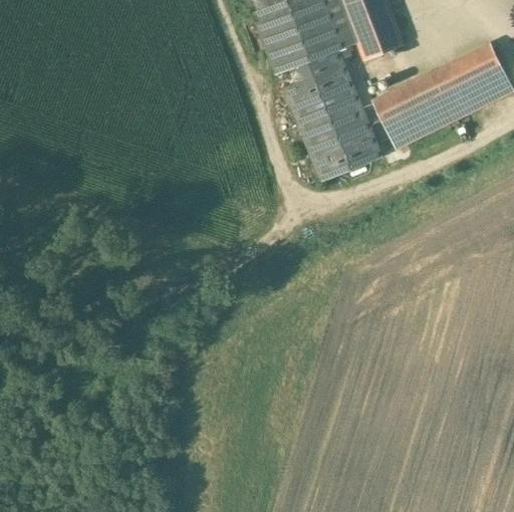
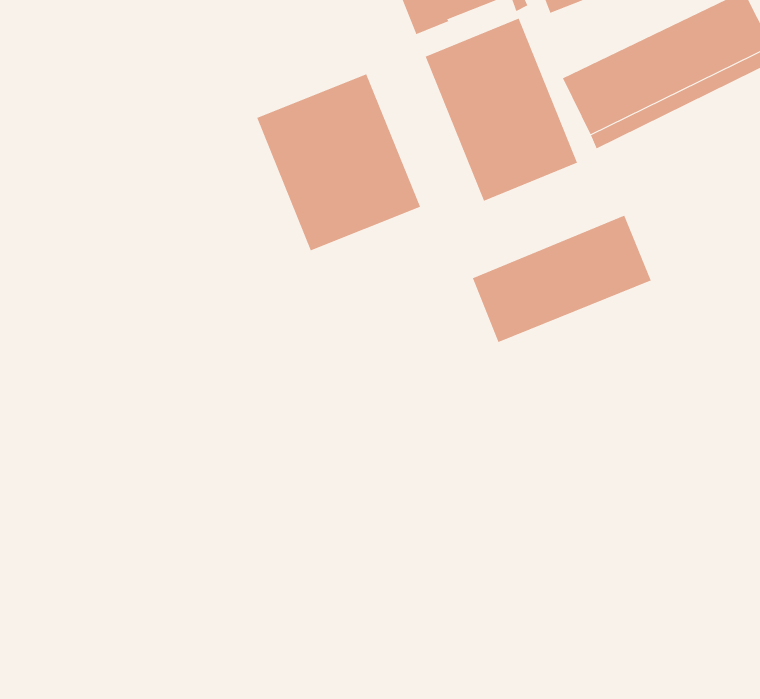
building: none -> [257,73,421,251]
building: none -> [472,215,651,343]

